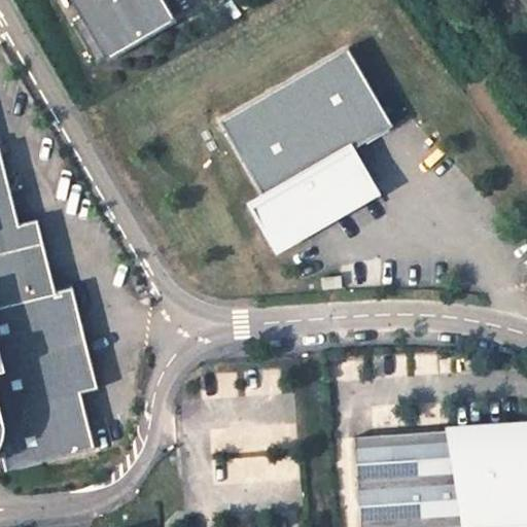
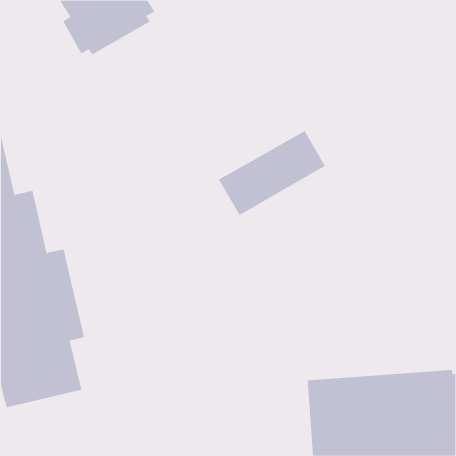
building: [219,48,392,200] -> none

